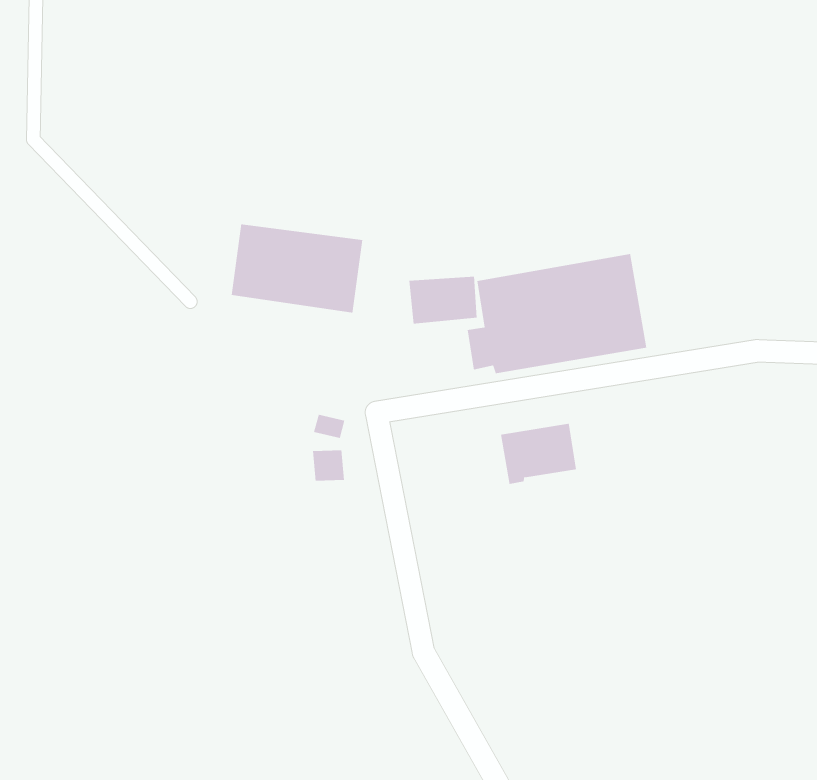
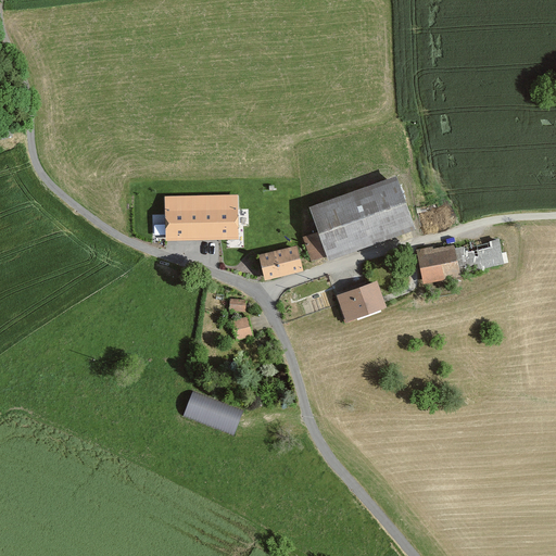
building: [409,276,477,324] -> [258,244,302,278]
building: none -> [414,239,503,283]
building: none -> [184,391,243,434]

